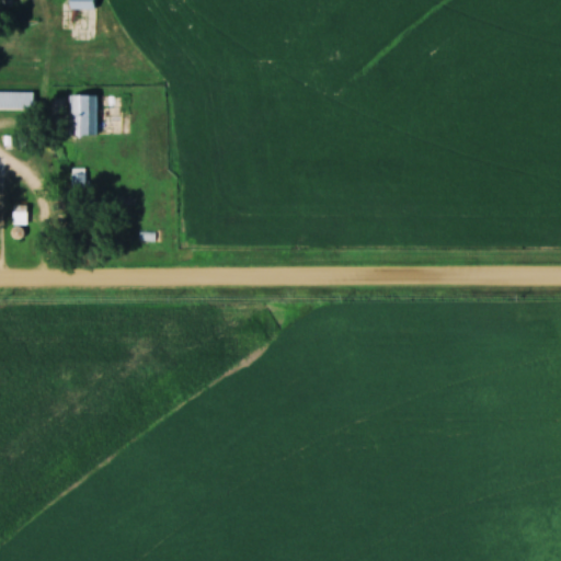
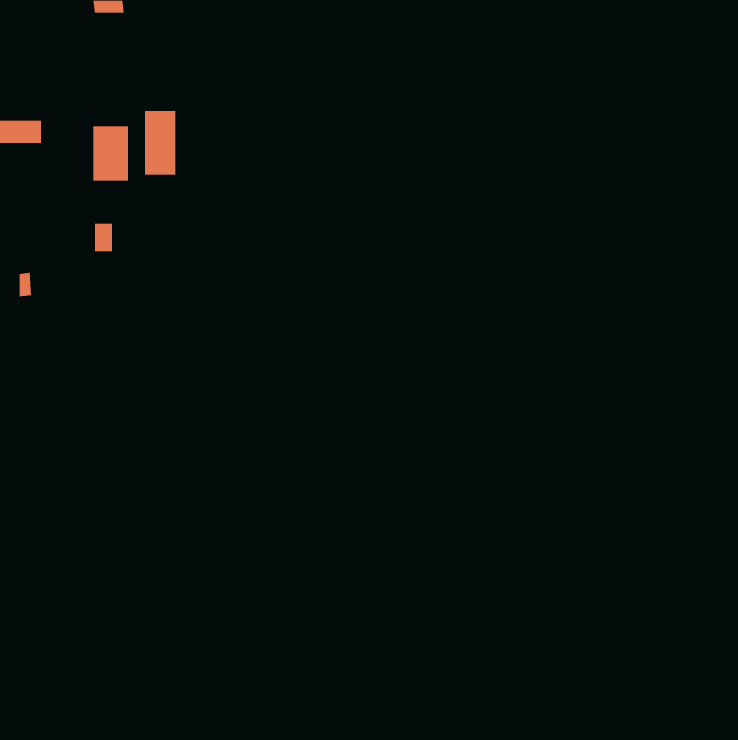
building: none -> [145,110,176,175]

